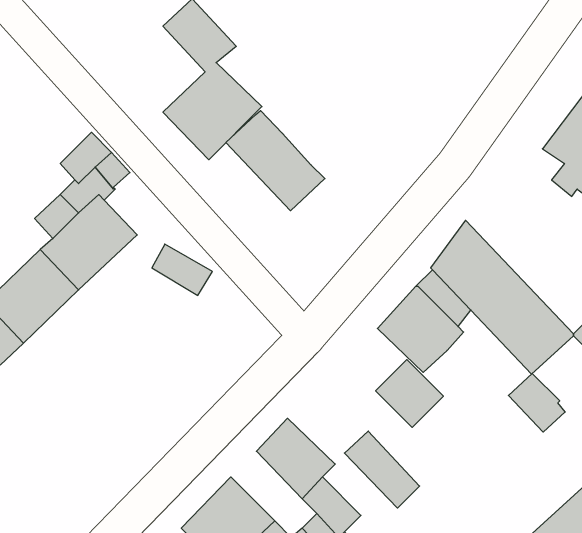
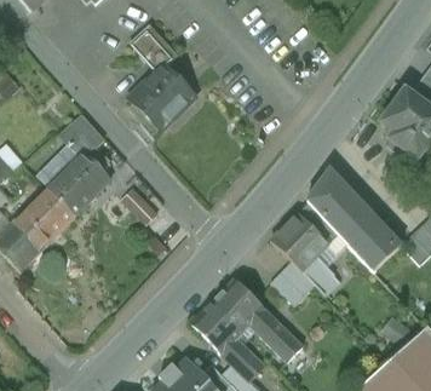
building: [226,111,325,211] -> none
building: [508,373,565,432] -> [301,255,339,294]
building: none -> [212,277,265,330]

